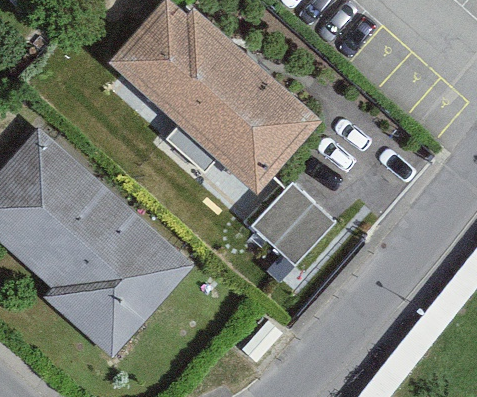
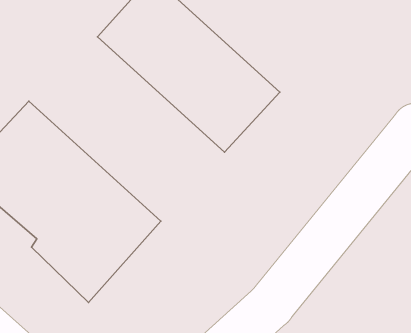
building: [250,181,333,263] -> none

